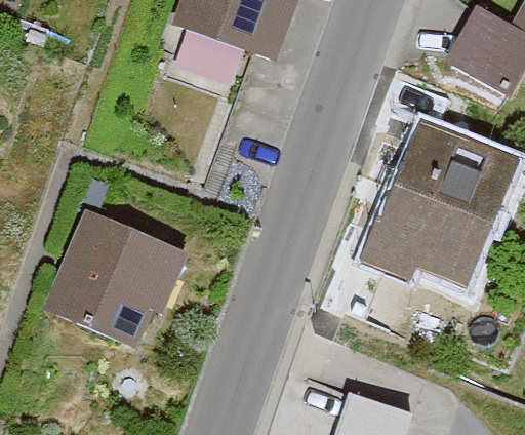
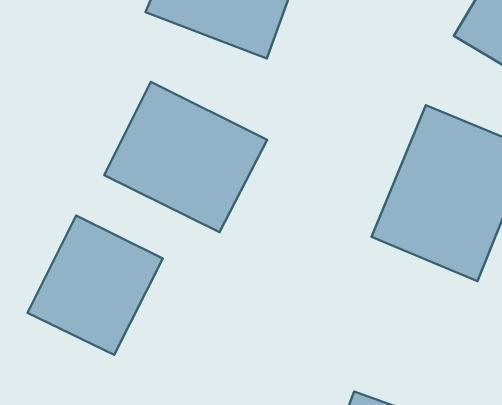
building: none -> [104,82,267,232]

